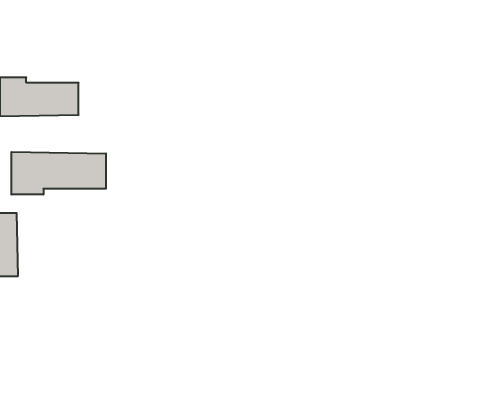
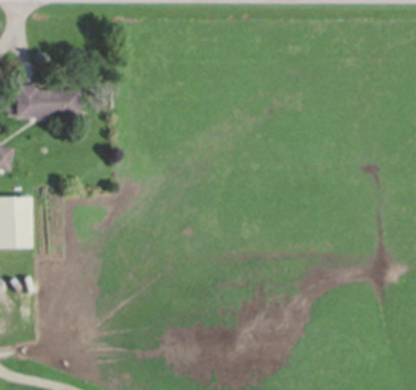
building: [11,152,106,195] -> none

